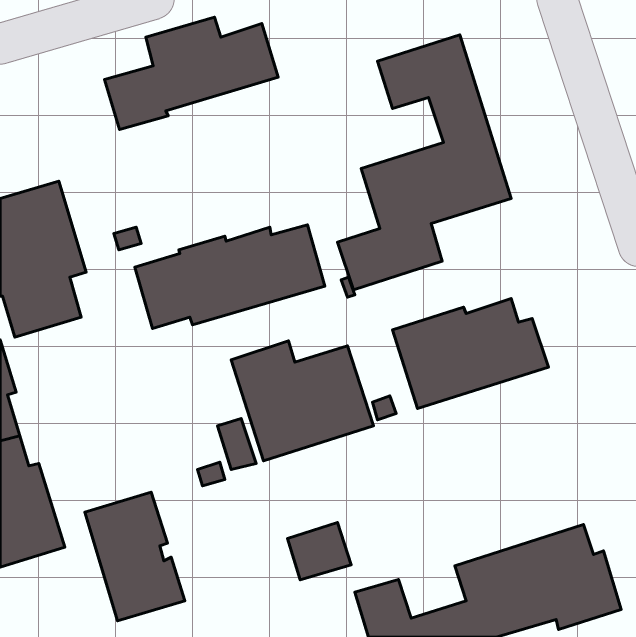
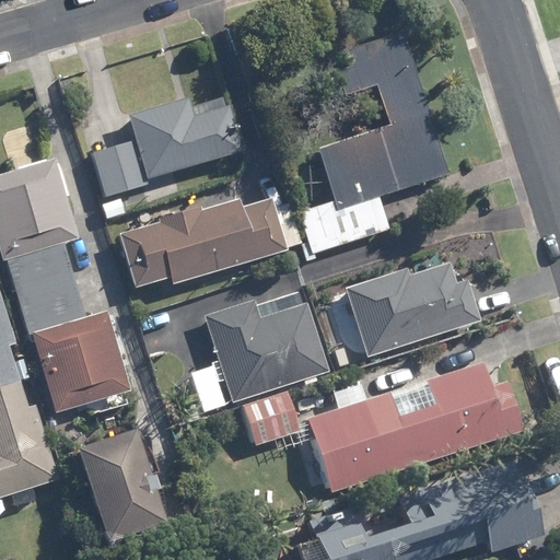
building: [105,17,278,130] -> [93,97,245,196]
building: none -> [15,278,129,413]
building: none -> [308,362,525,494]
building: [288,522,351,580] -> [244,395,300,445]

